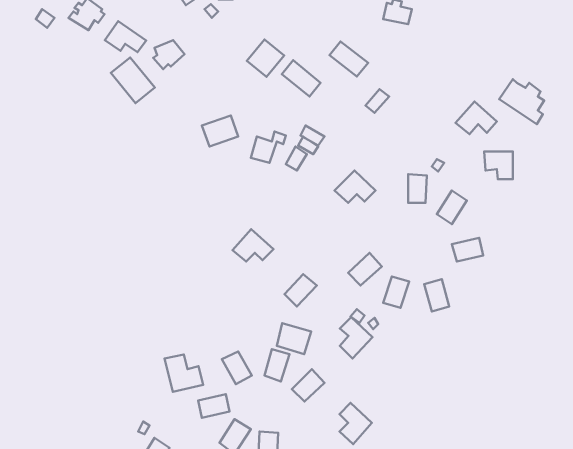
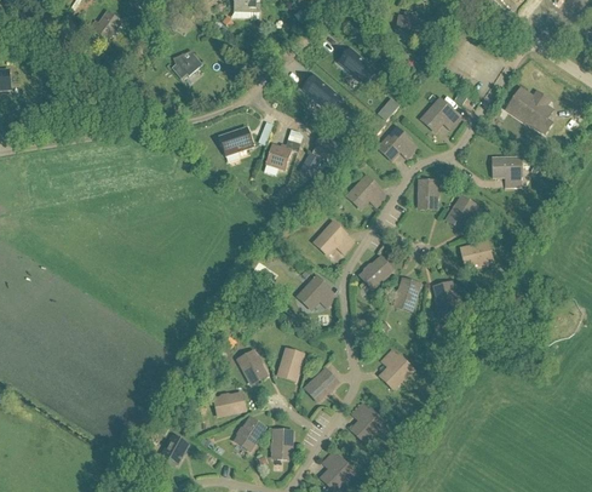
building: [105,21,146,52] -> none
building: [247,39,284,77] -> none
building: [111,57,155,103] -> none
building: [456,102,497,134] -> [420,98,460,130]
building: none -> [377,127,416,159]
building: [232,229,274,262] -> [314,222,354,253]
building: [340,317,372,358] -> [380,348,412,388]
building: [277,323,311,354] -> none
building: [164,355,203,392] -> none

